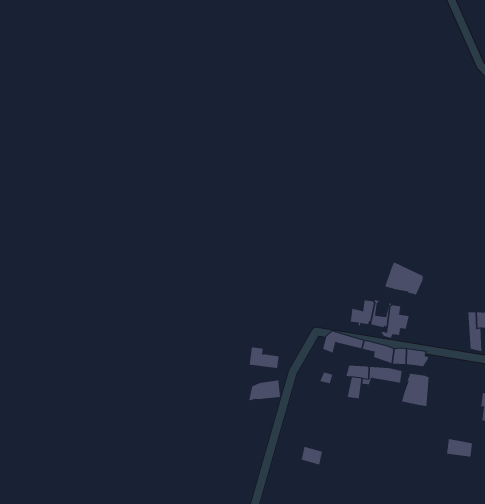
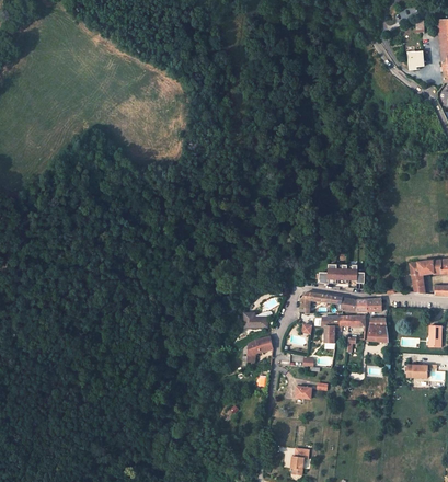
building: [385,262,423,296] -> none

